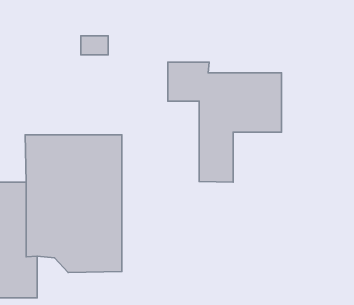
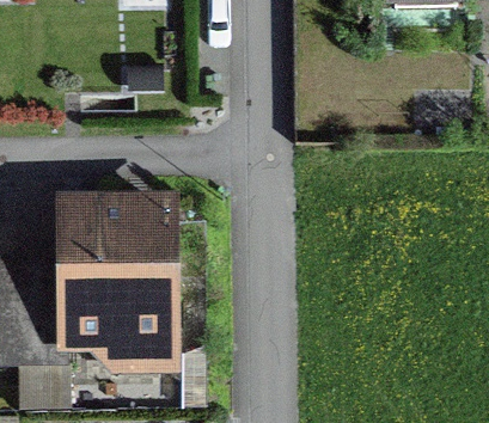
building: [168,62,282,182] -> none

